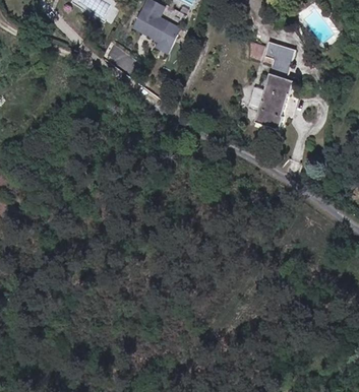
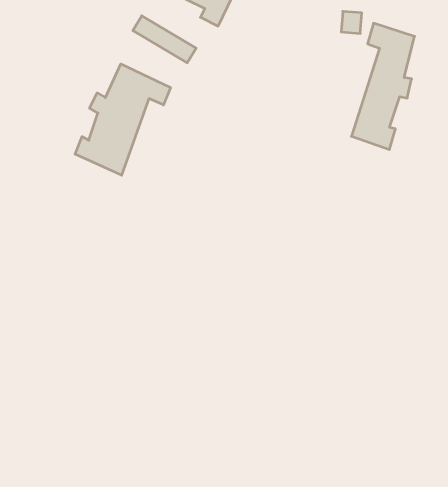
building: none -> [75,64,170,175]

